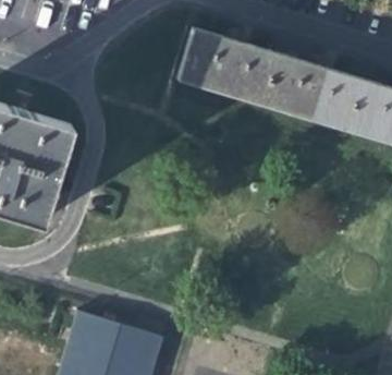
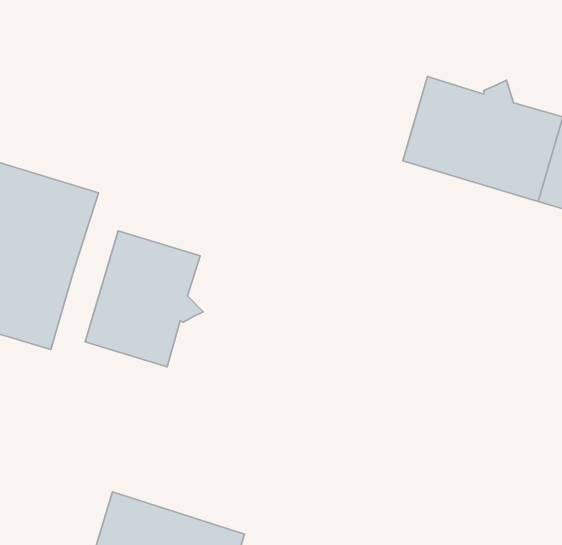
building: [176,29,275,106] -> none
building: none -> [85,231,203,367]

